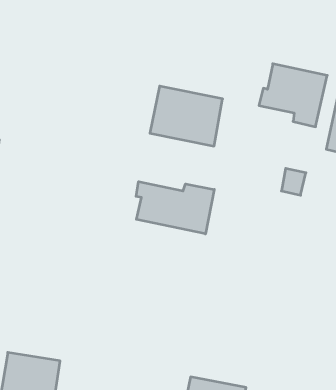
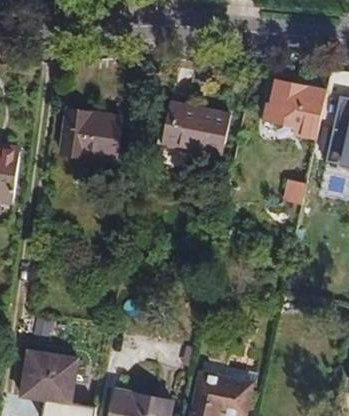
building: none -> [60,108,122,160]
building: [136,182,214,234] -> none

